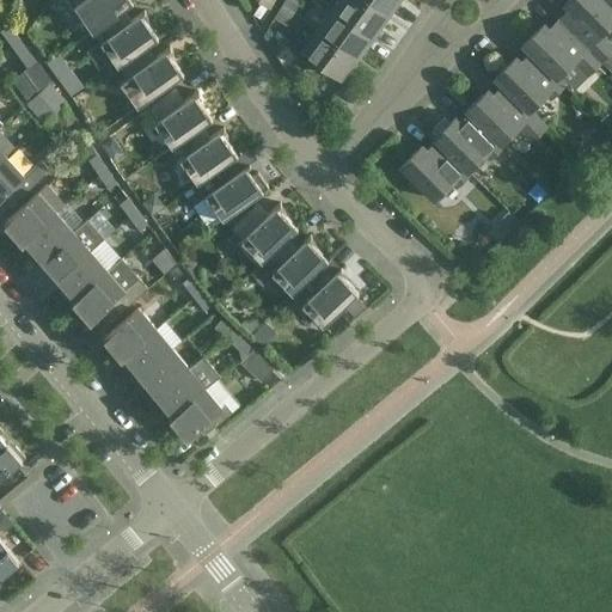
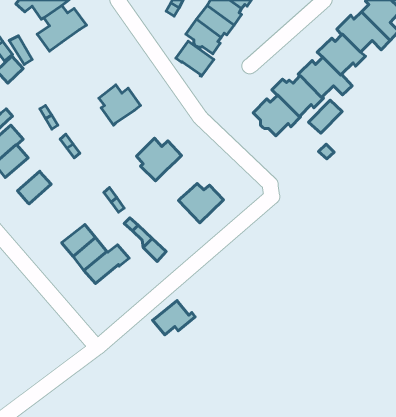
building: [118,47,182,109] -> none
building: none -> [176,41,214,76]
building: [148,90,210,148] -> none
building: none -> [309,100,342,133]
building: [190,164,267,221] -> none
building: [38,222,103,281] -> none
building: [264,238,326,295] -> none
building: [71,262,147,325] -> none
building: [102,308,154,360] -> none
building: [167,388,230,439] -> [153,300,195,335]

